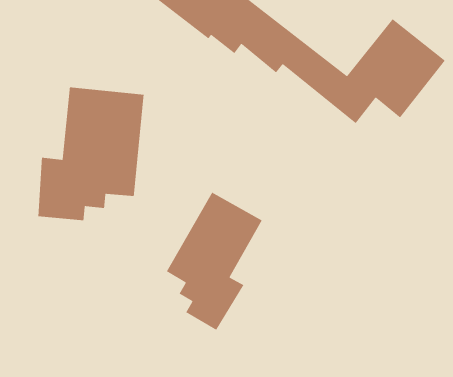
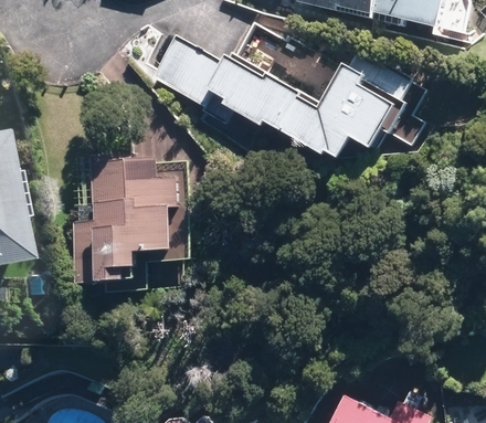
building: [166,191,263,331] -> none

